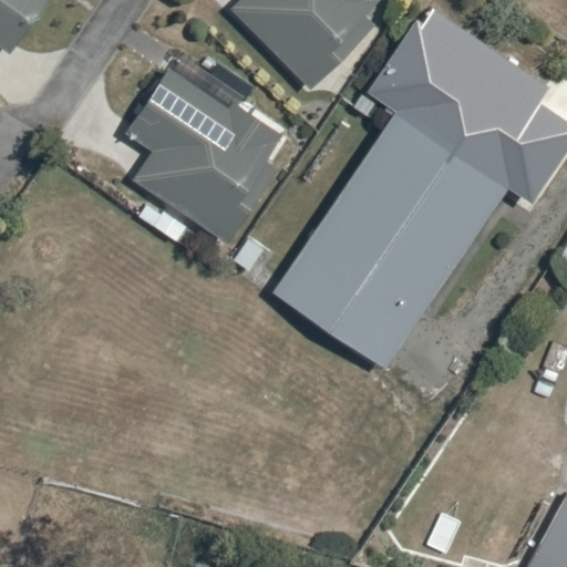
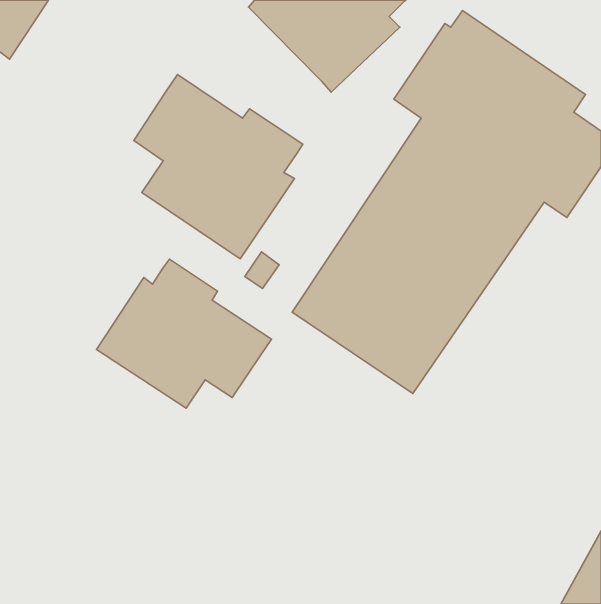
building: none -> [97,259,271,408]

